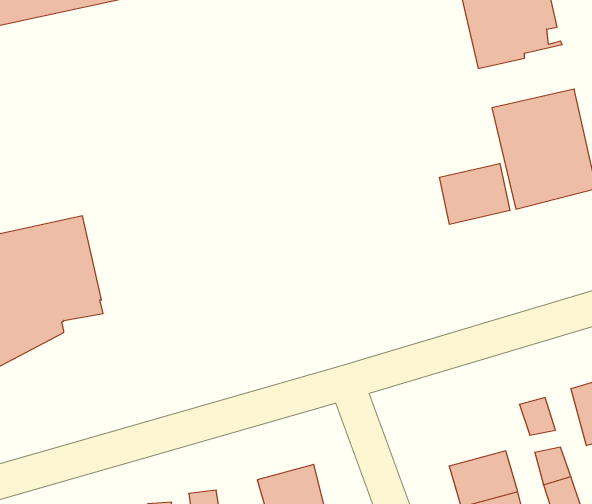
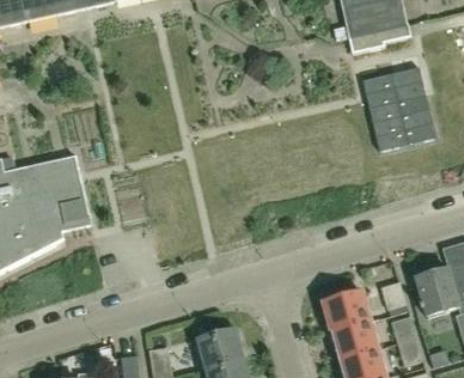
building: [440,163,510,224] -> none
building: none -> [324,291,371,330]

